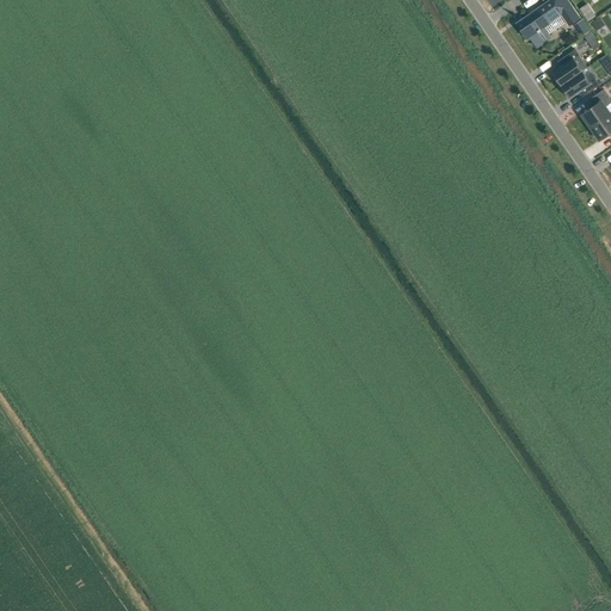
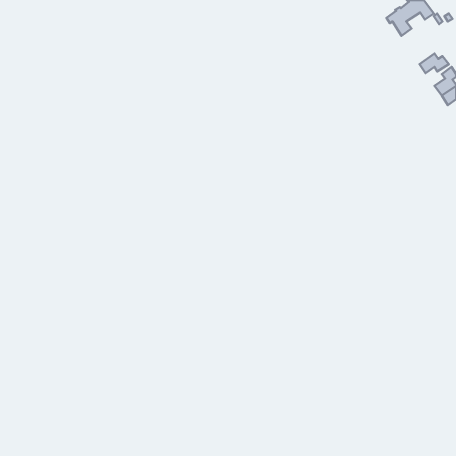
building: [553,50,582,86] -> none

